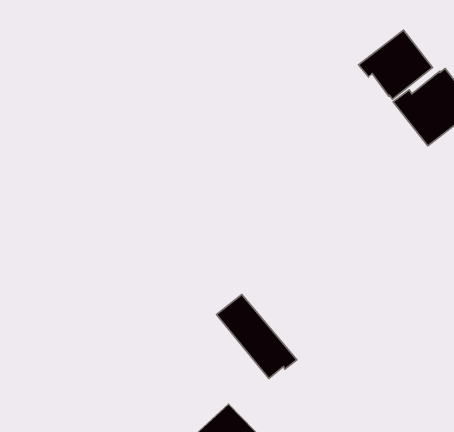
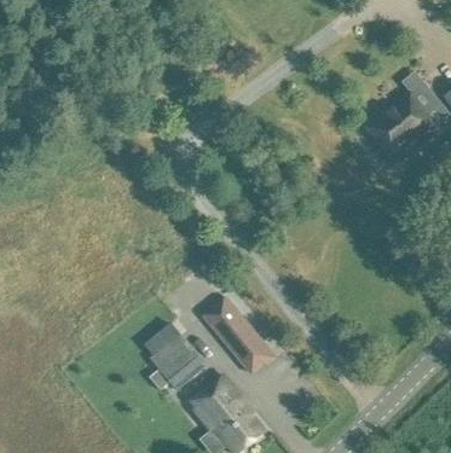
building: [359,30,433,99] -> none
building: none -> [148,329,208,394]

